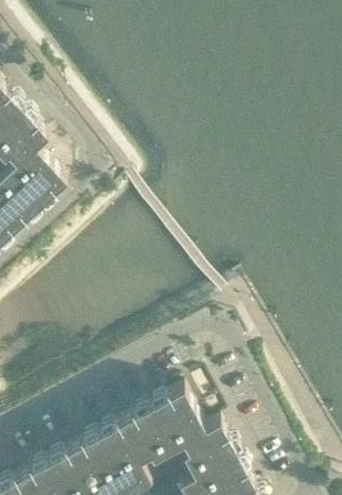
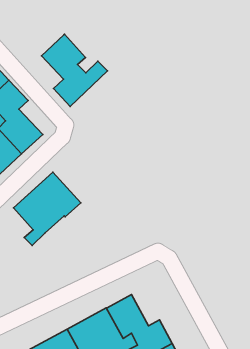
building: none -> [41,34,107,106]
building: none -> [13,172,81,246]

